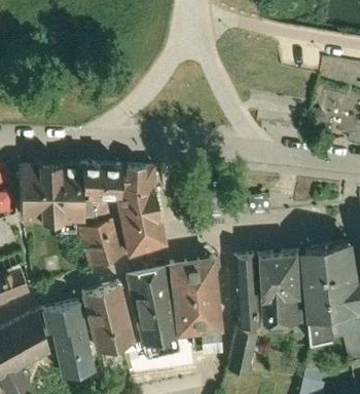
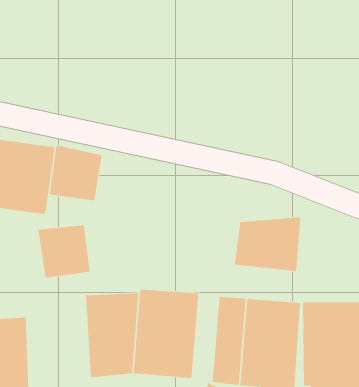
building: [114,165,166,258] -> none
building: none -> [235,217,301,272]
building: [80,286,135,351] -> none

